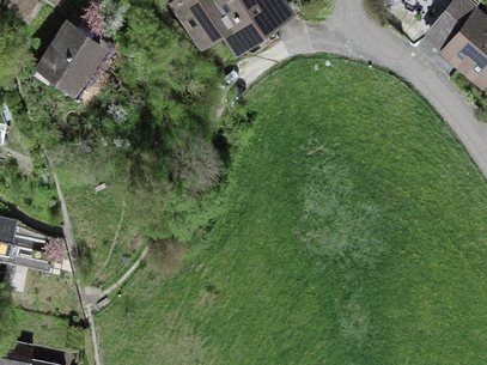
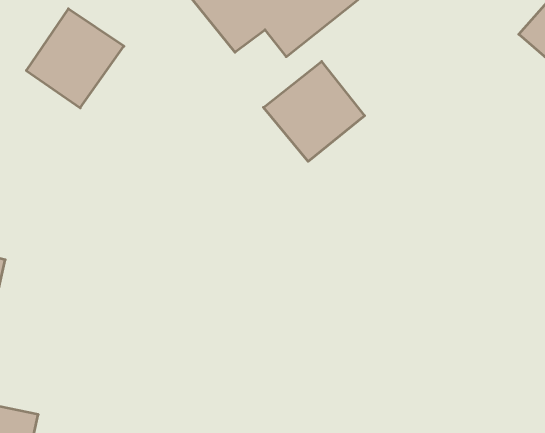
building: none -> [263,61,365,161]

